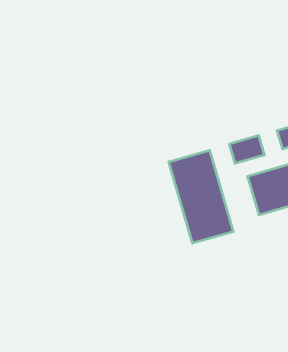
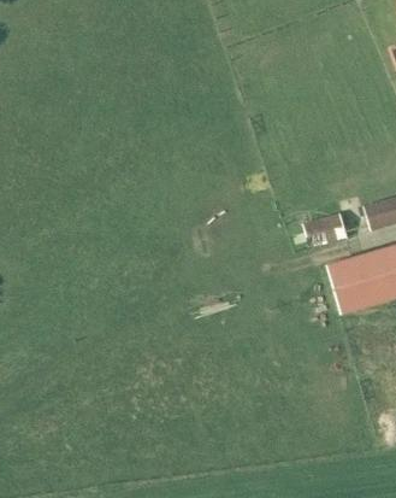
building: [169,150,233,243] -> none

